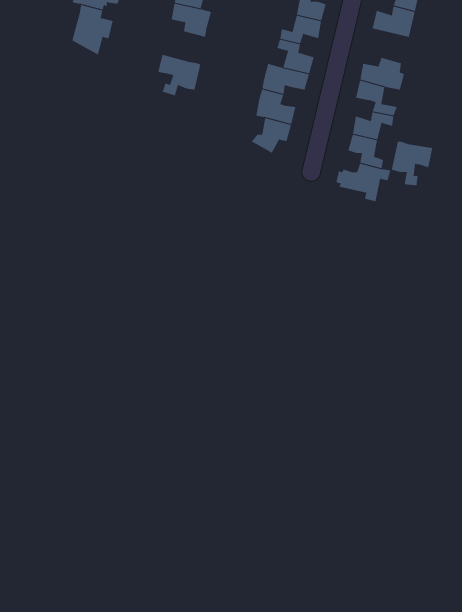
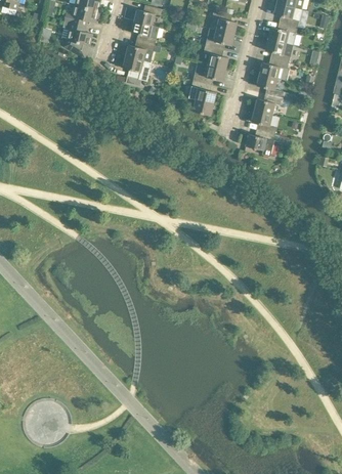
building: none -> [265,38,294,61]
building: none -> [126,40,156,61]
building: [391,141,433,186] -> none

